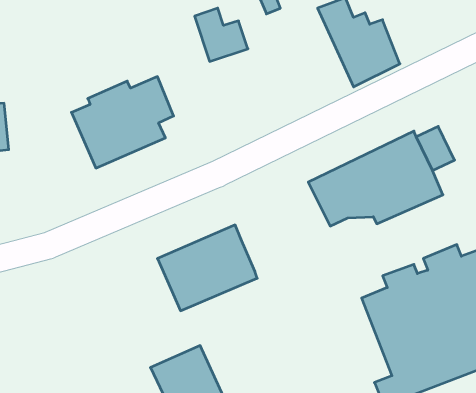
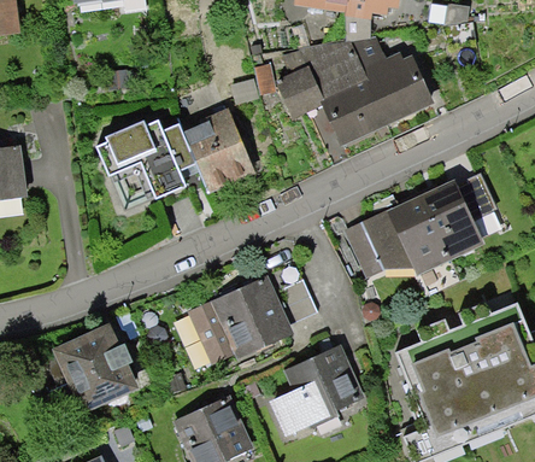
building: none -> [280,49,386,148]
building: none -> [189,113,259,192]
building: none -> [269,277,311,323]
building: none -> [58,326,143,414]
building: none -> [270,345,365,437]

